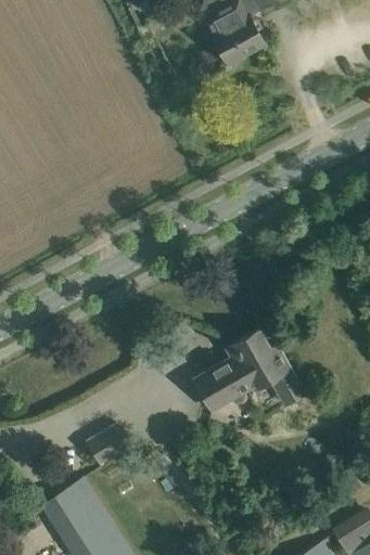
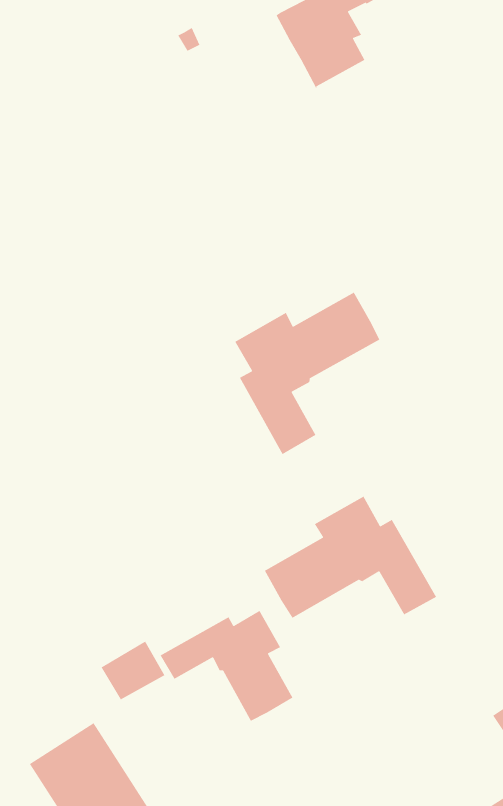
building: none -> [234,291,380,455]
building: none -> [160,610,294,722]

